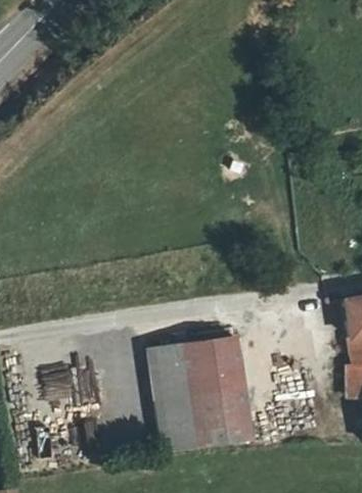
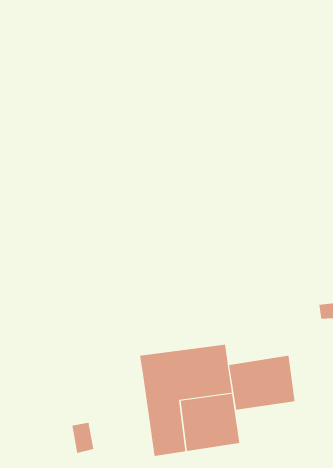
building: none -> [229,355,295,410]

